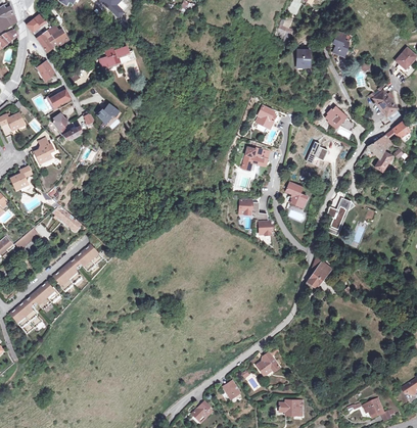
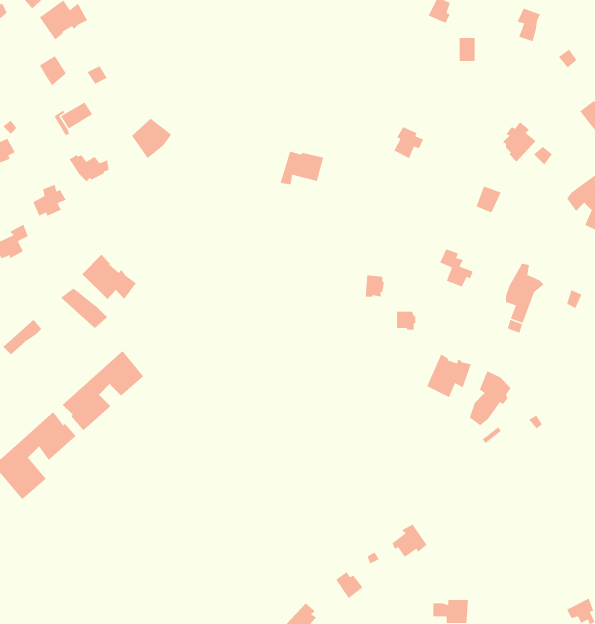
building: [98,47,134,69] -> none
building: [241,146,269,168] -> [280,151,324,185]
building: none -> [82,254,137,300]
building: none -> [426,353,472,398]

